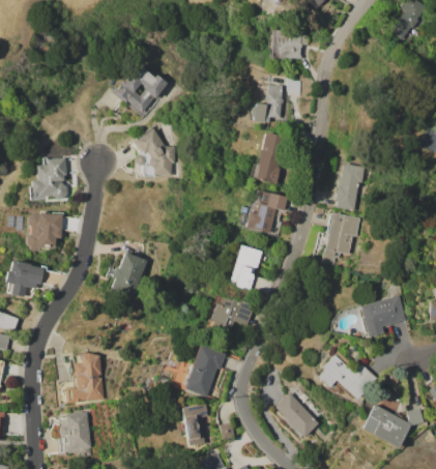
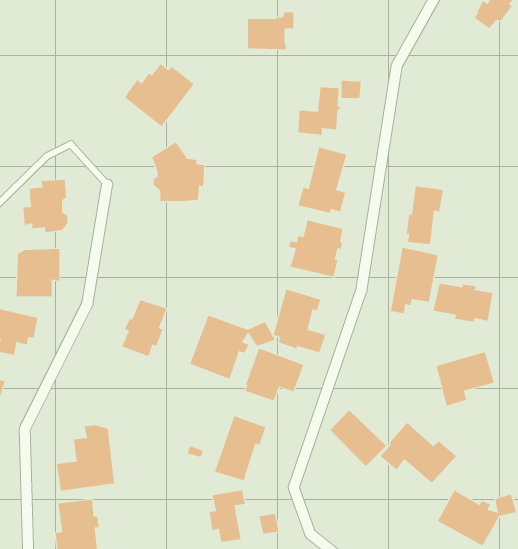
building: [270,30,308,60] -> [247,12,294,50]
building: none -> [433,283,493,323]
building: none -> [190,315,276,379]
building: [273,392,319,438] -> [329,409,387,467]

